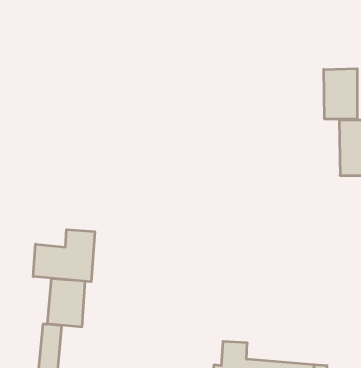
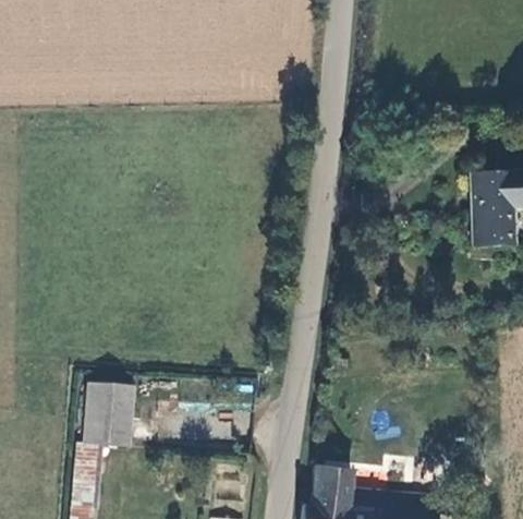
building: [324,69,357,119] -> none
building: [33,230,95,282] -> none

